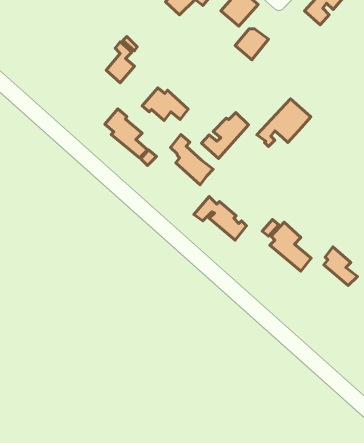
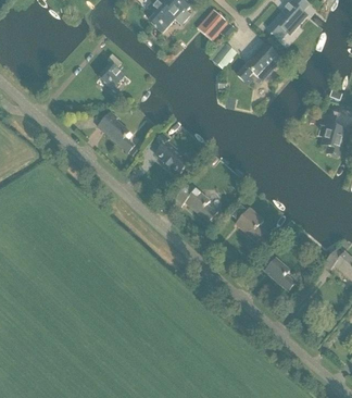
building: [142,88,188,121] -> none
building: [257,99,311,146] -> [237,43,282,84]
building: [201,112,249,158] -> none
building: [324,247,357,286] -> [267,257,296,289]

